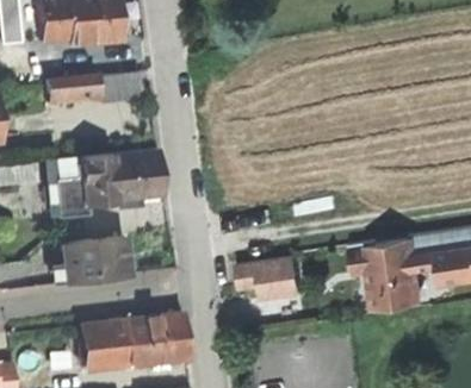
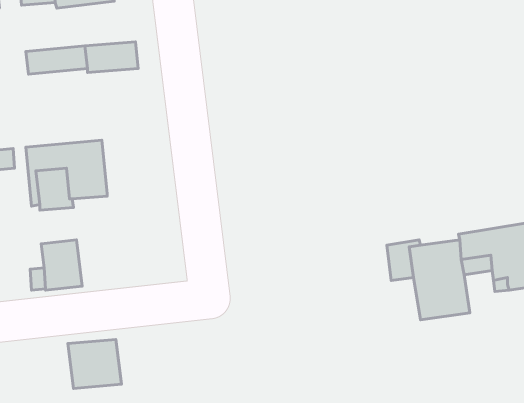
building: [111,151,161,201] -> none
building: [89,237,125,280] -> none
building: [241,258,304,299] -> none
building: [123,315,186,365] -> none

